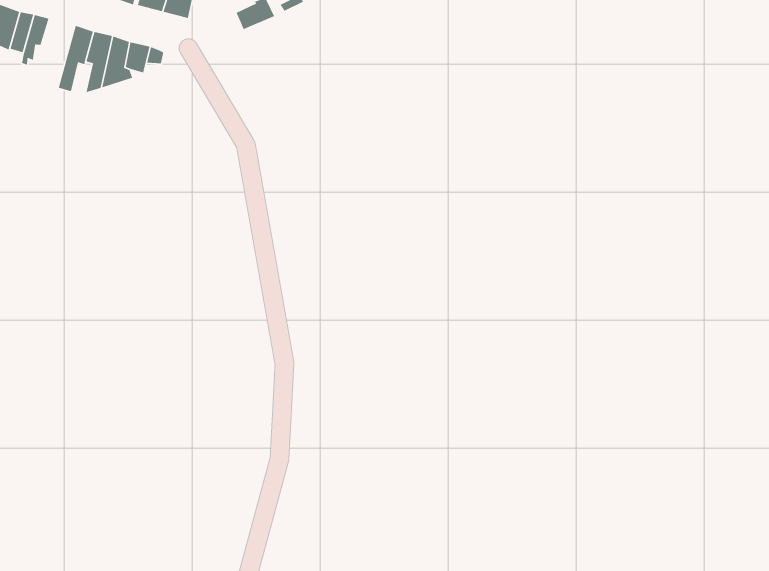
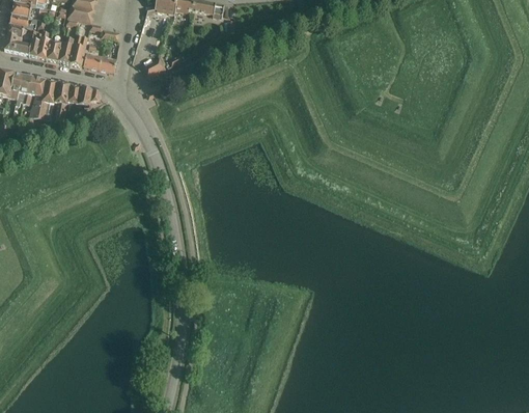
building: none -> [24,77,48,118]

